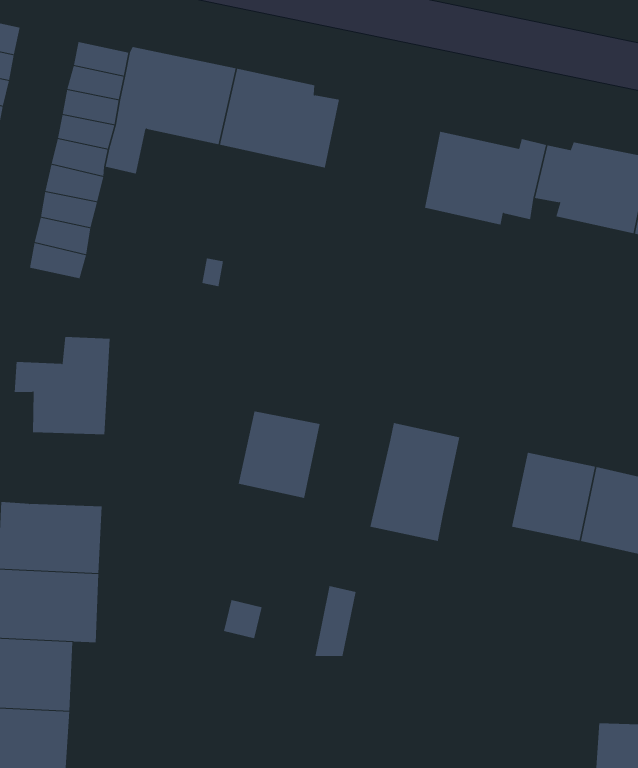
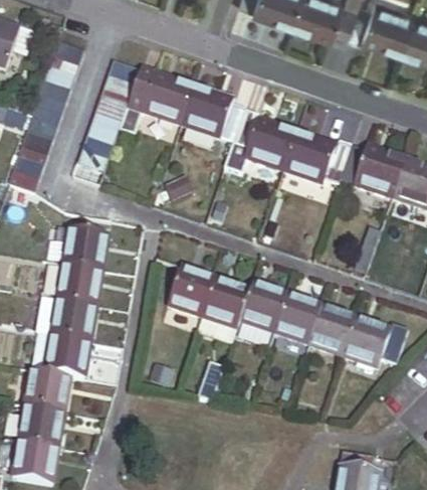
building: none -> [226,109,296,173]
building: none -> [197,278,250,343]
building: none -> [57,264,101,307]
building: none -> [274,294,322,344]

